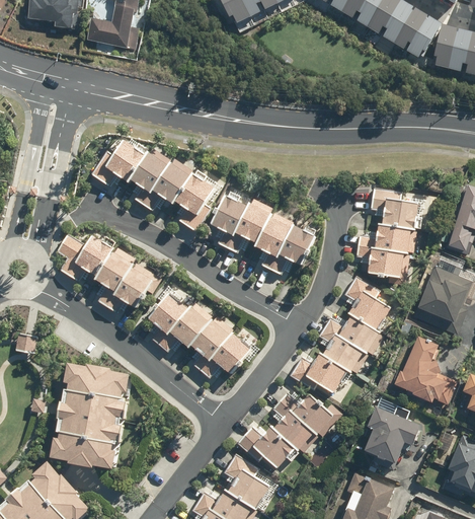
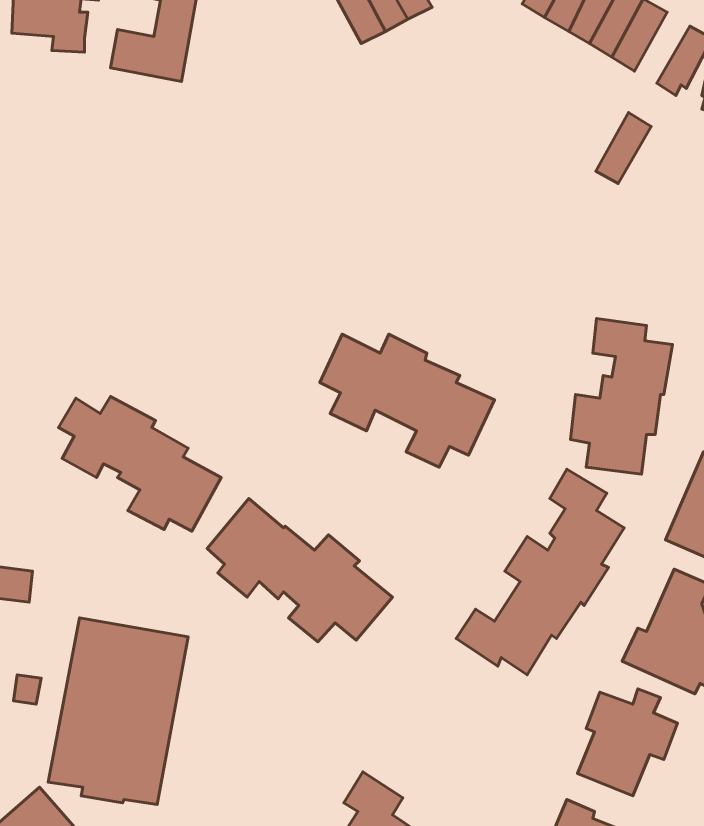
building: [395,8,427,50] -> [596,113,651,183]
building: [93,138,220,231] -> none
building: [238,392,333,469] -> none

